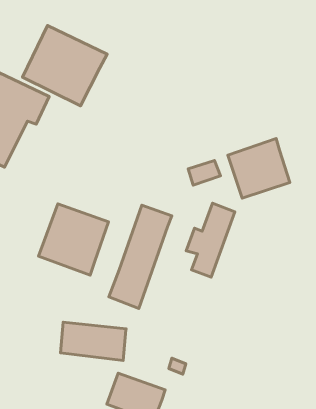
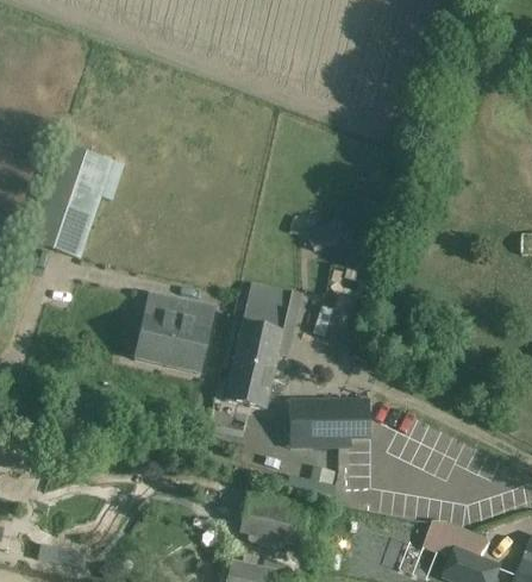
building: [23,26,107,106] -> none
building: [228,139,290,198] -> none
building: [61,322,126,361] -> [289,400,368,439]

